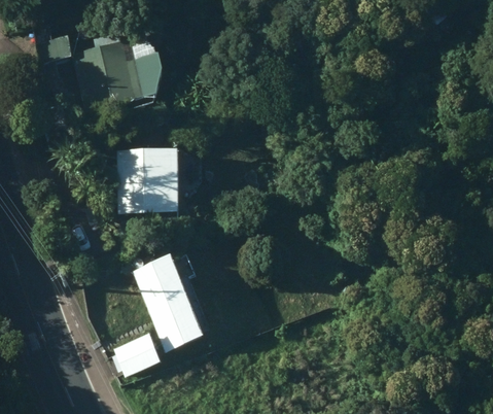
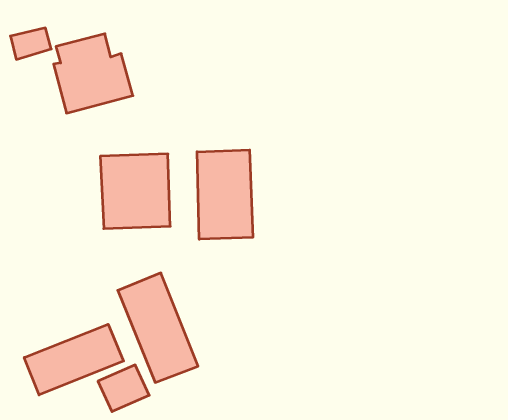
building: none -> [197,150,253,239]
building: none -> [24,324,124,395]

